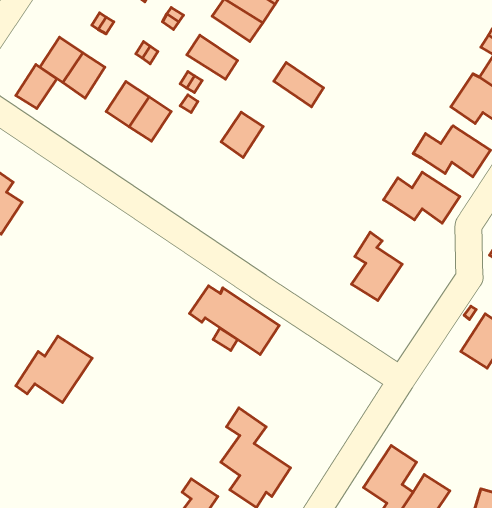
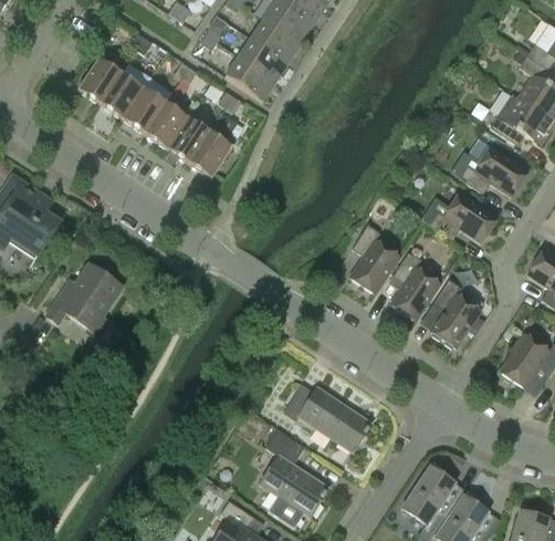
building: [274,62,324,107] -> [238,35,287,80]
building: [16,64,57,109] -> [123,86,164,131]
building: [221,112,263,157] -> [189,131,231,176]
building: none -> [349,225,399,293]
building: none -> [430,279,484,347]
building: [190,286,279,354] -> [282,383,371,451]
building: [16,336,92,403] -> [45,263,122,330]

